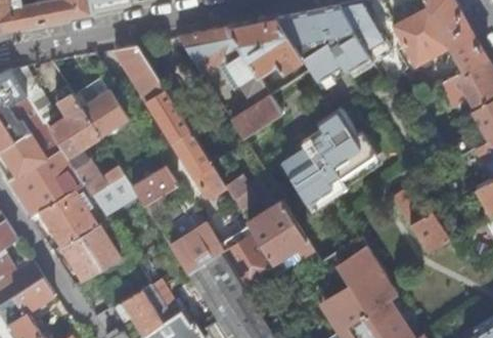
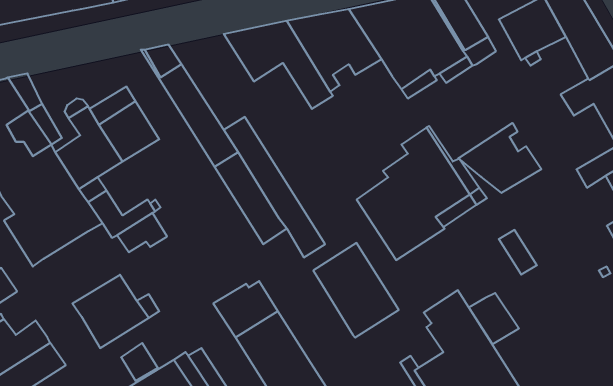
building: [231,95,281,138] -> none
building: none -> [458,123,541,193]
building: [132,165,176,205] -> none
building: [38,191,96,247] -> none
building: [409,213,448,253] -> [469,293,519,344]
building: [206,227,278,293] -> none

